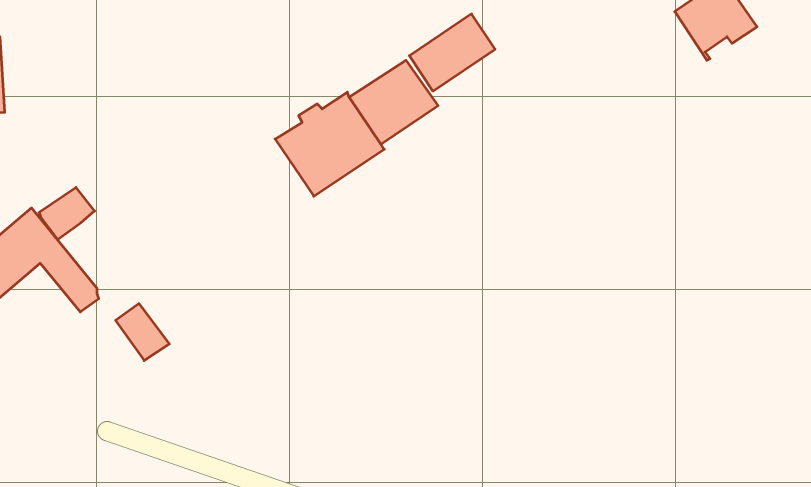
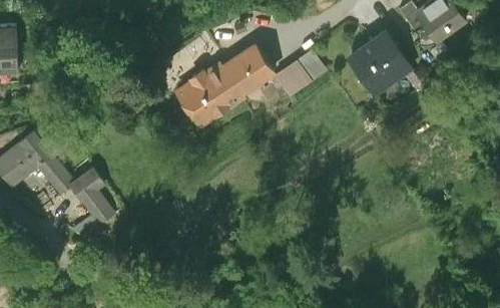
building: [409,14,495,91] -> [275,49,326,95]
building: none -> [349,34,409,94]
building: [39,187,95,239] -> [71,168,104,199]

